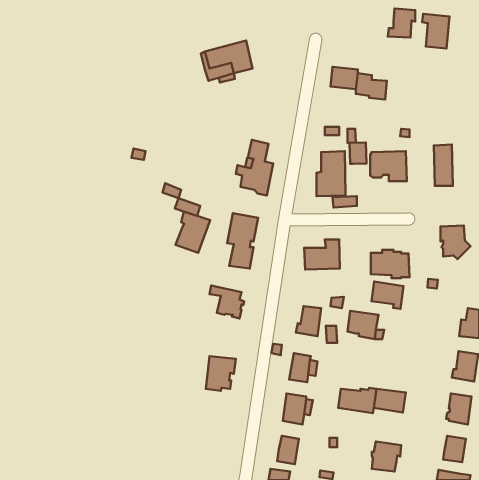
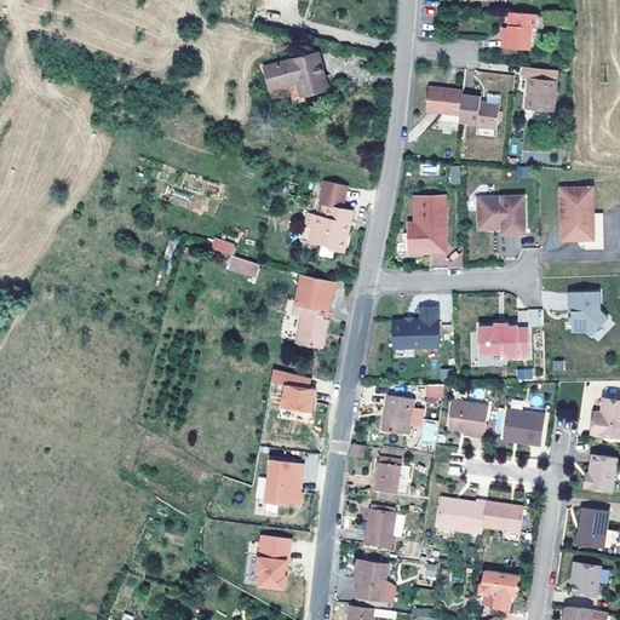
building: [422,14,449,48] -> [522,67,557,111]
building: [350,143,367,164] -> none
building: [176,212,210,253] -> none
building: [371,281,403,309] -> [503,409,544,444]
building: none -> [257,534,291,589]

